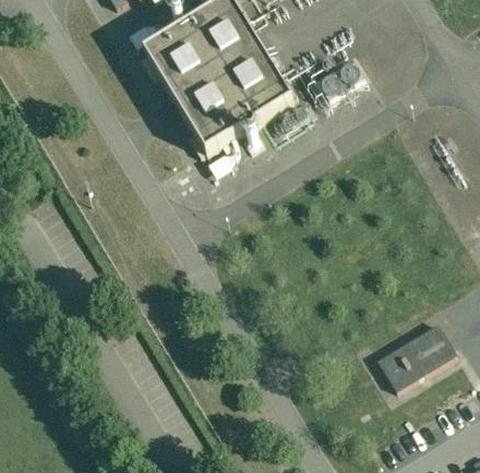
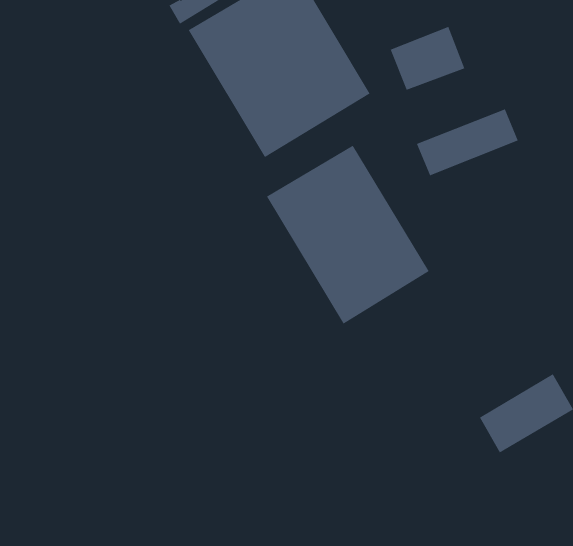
building: none -> [416,108,518,176]
building: none -> [266,145,430,325]

